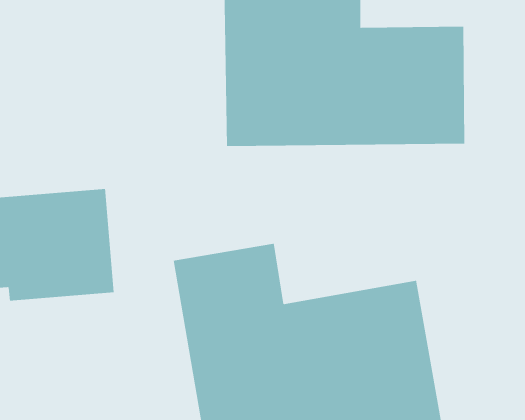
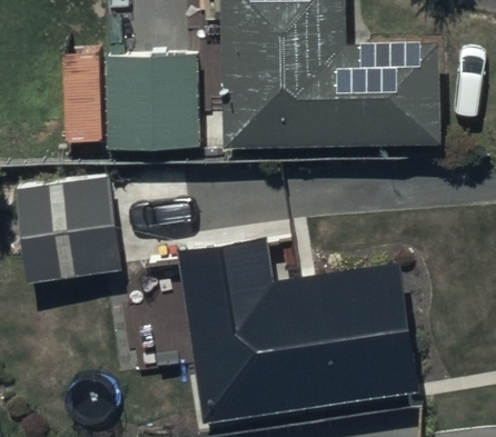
building: none -> [102,49,200,148]

